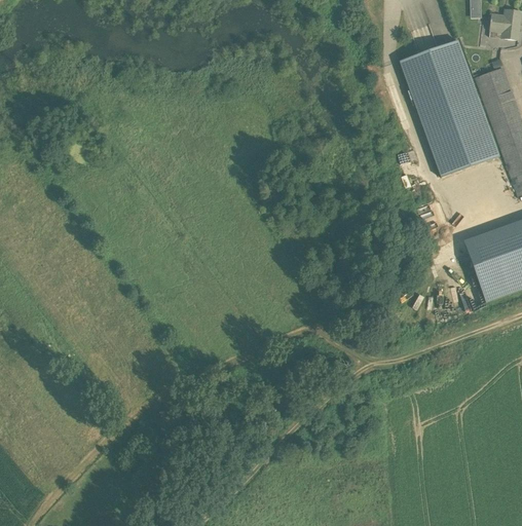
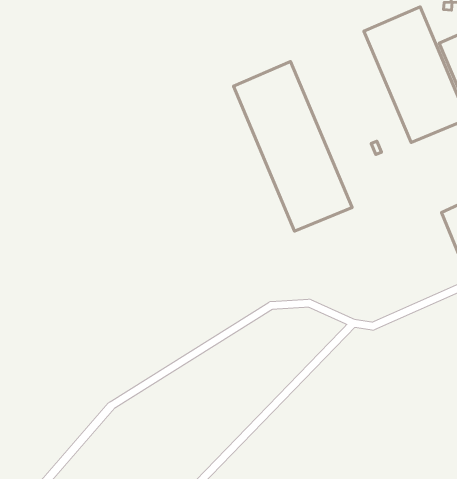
building: none -> [234,62,352,231]

